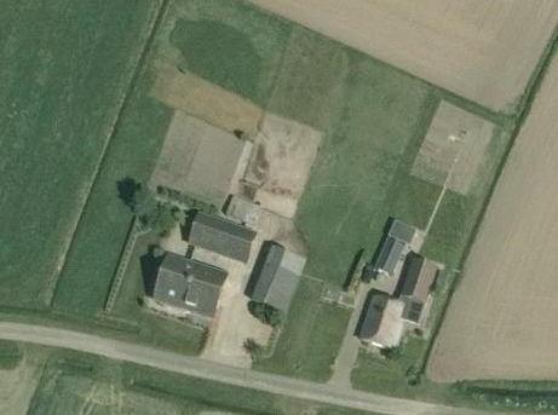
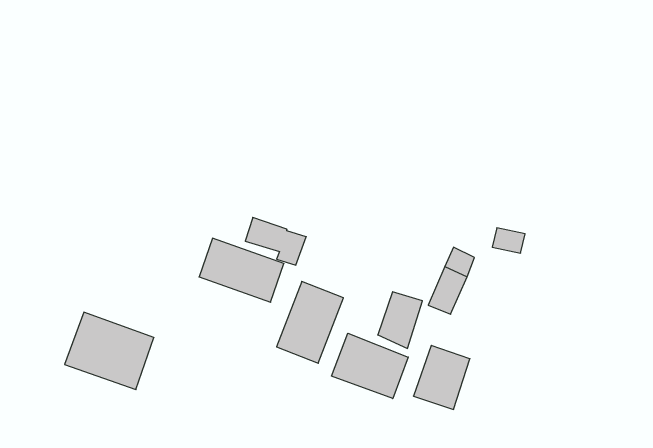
building: [154,255,226,318] -> [65,312,154,390]
building: [401,258,437,304] -> [378,292,422,348]
building: none -> [331,333,408,399]

